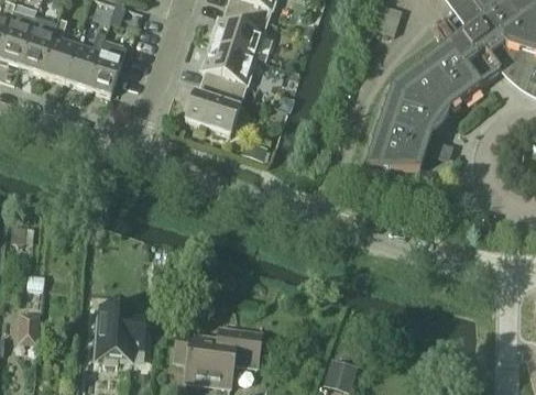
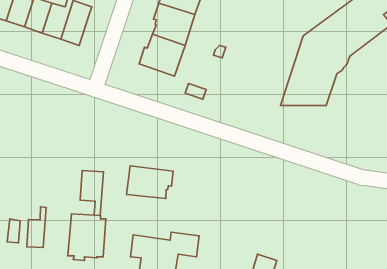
building: none -> [127,166,173,198]
building: none -> [80,170,103,215]
building: none -> [27,207,46,247]

